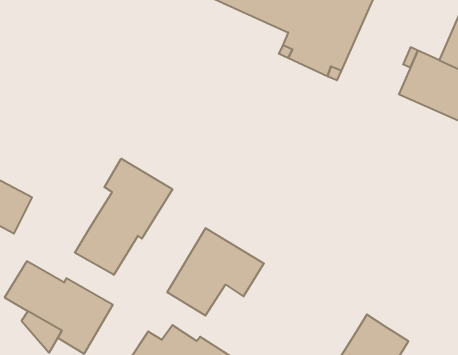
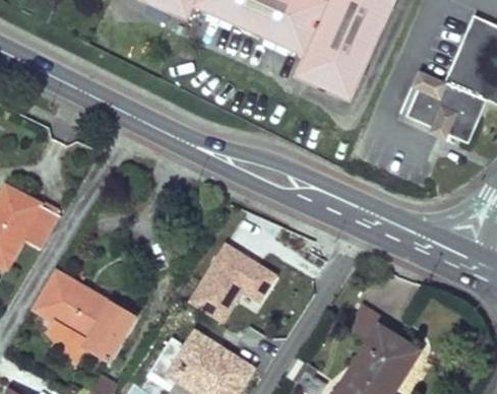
building: [75,159,172,275] -> none
building: none -> [345,303,400,342]

